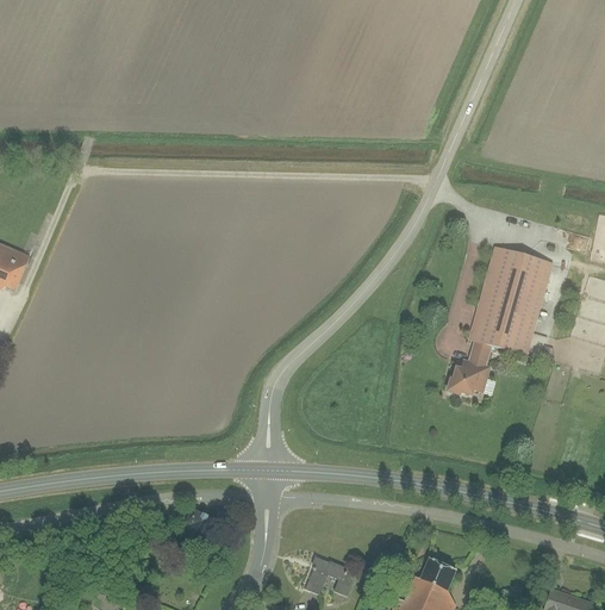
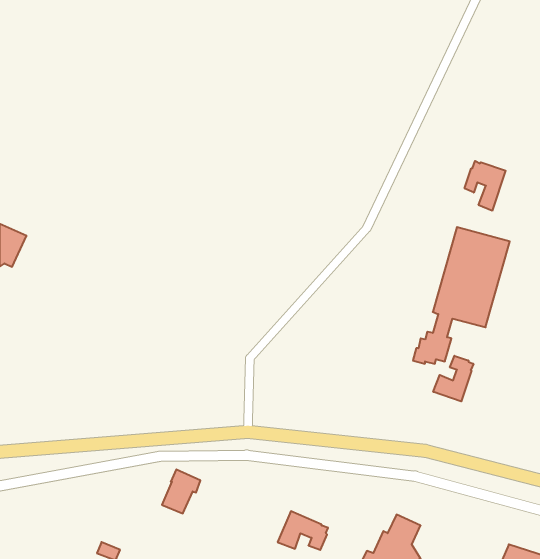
building: none -> [465,161,506,211]
building: none -> [433,356,473,401]

